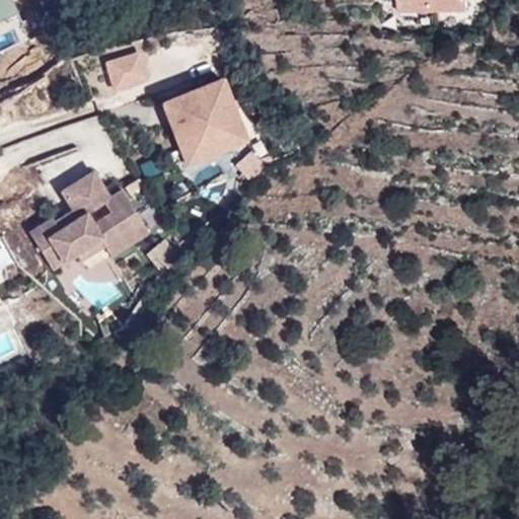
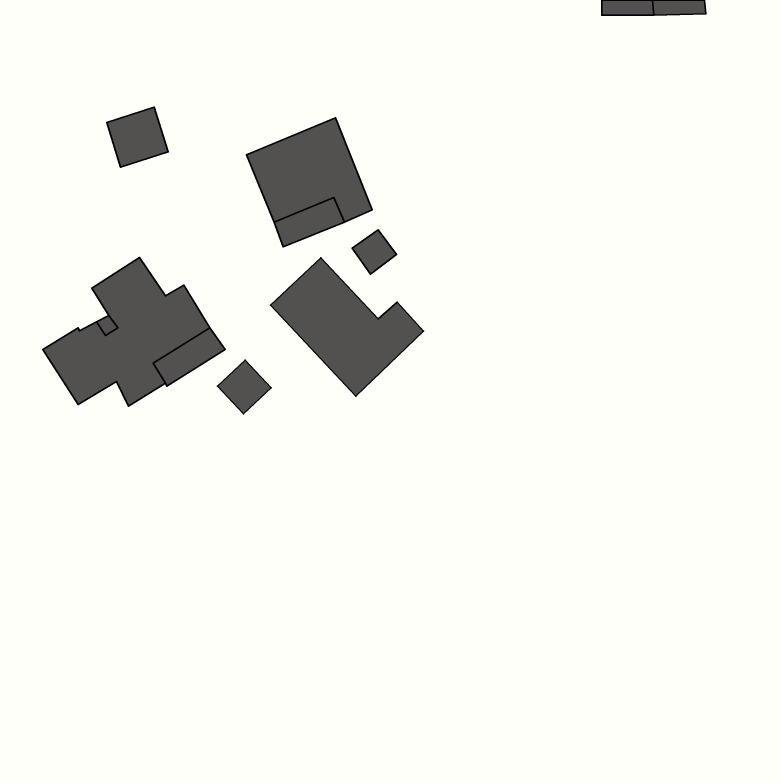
building: [107,50,148,89] -> [107,107,168,167]
building: none -> [271,258,423,396]

